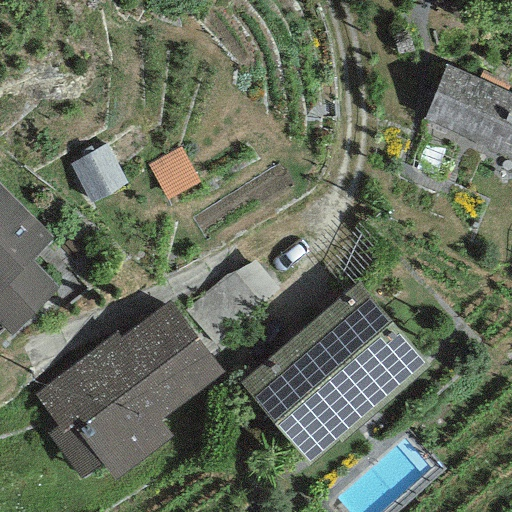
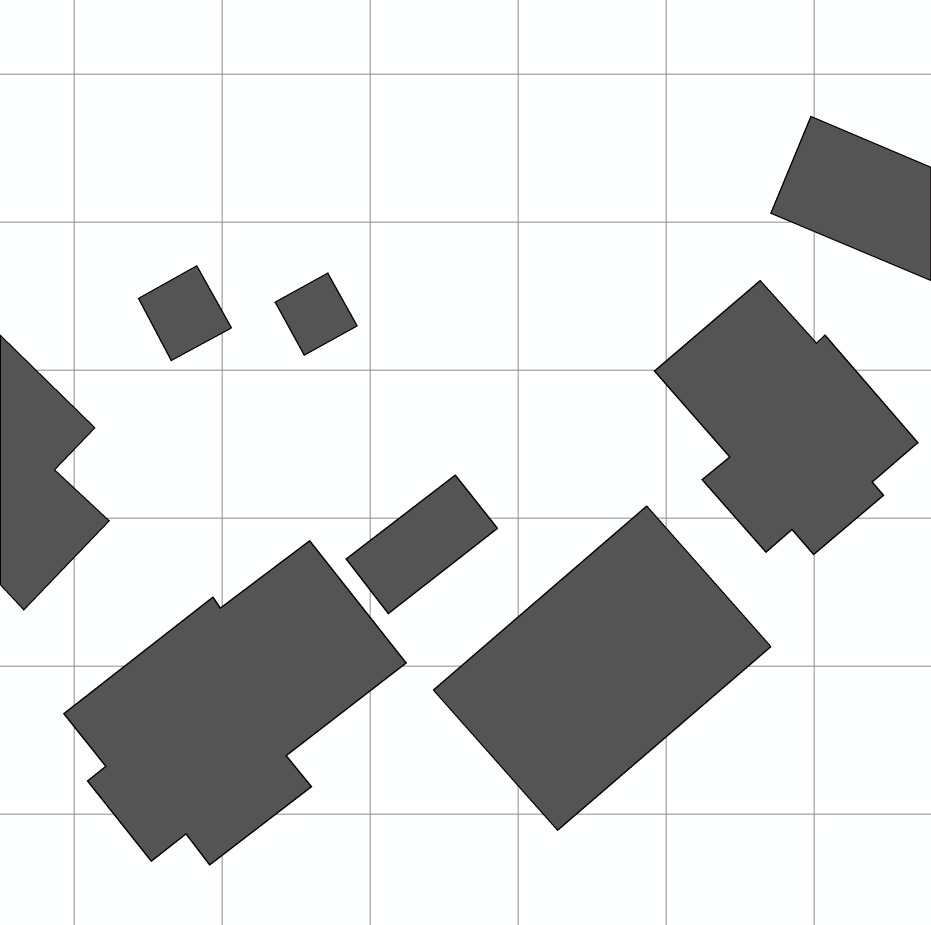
building: none -> [654,281,918,555]

